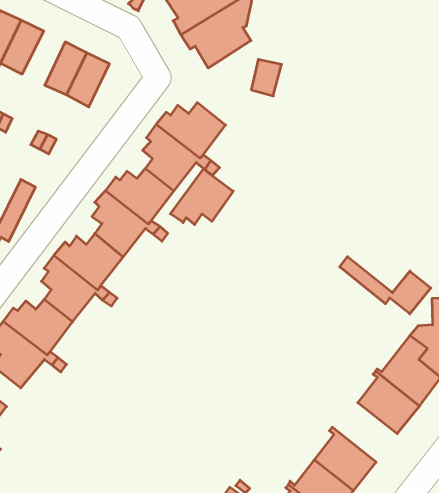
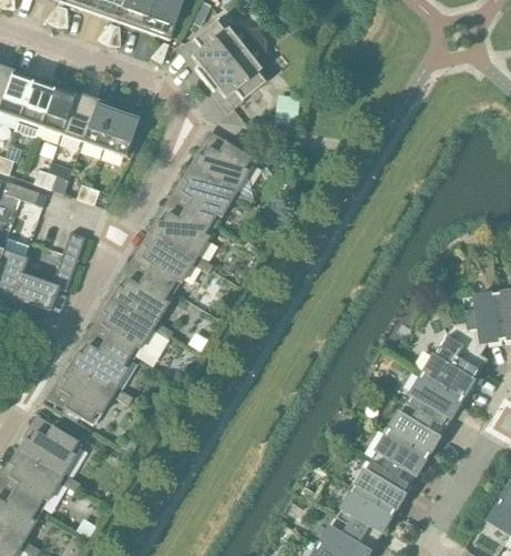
building: none -> [60,91,96,141]
building: [170,169,233,225] -> none
building: [340,257,431,314] -> none
building: none -> [385,402,446,455]

